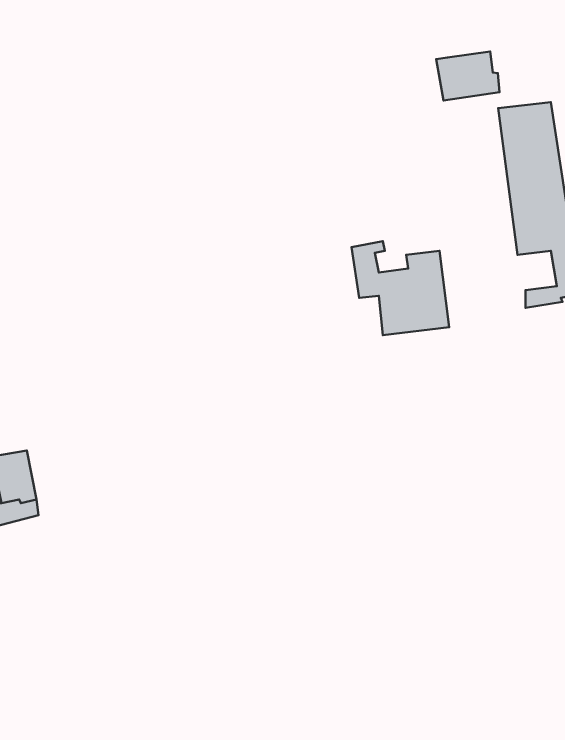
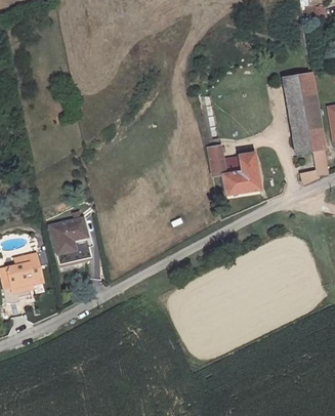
building: [436,52,500,100] -> none
building: none -> [50,218,94,263]

